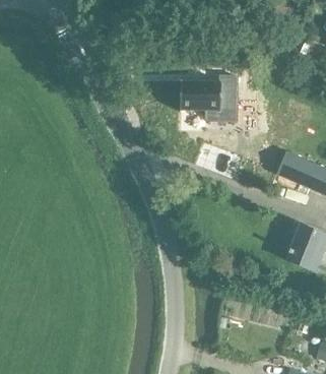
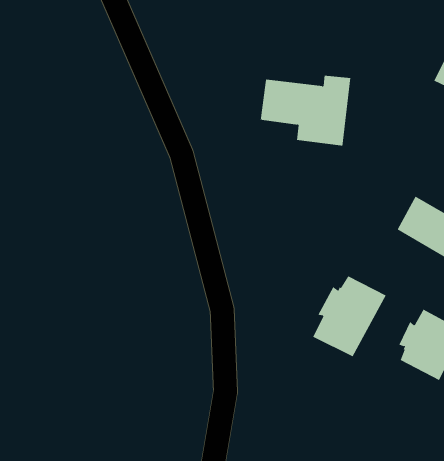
building: none -> [313,275,386,357]

